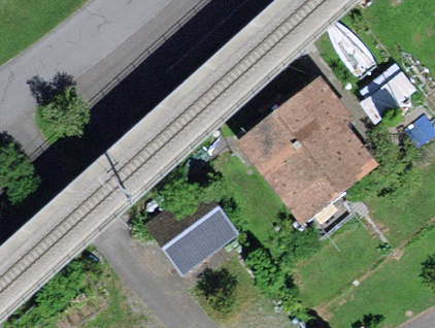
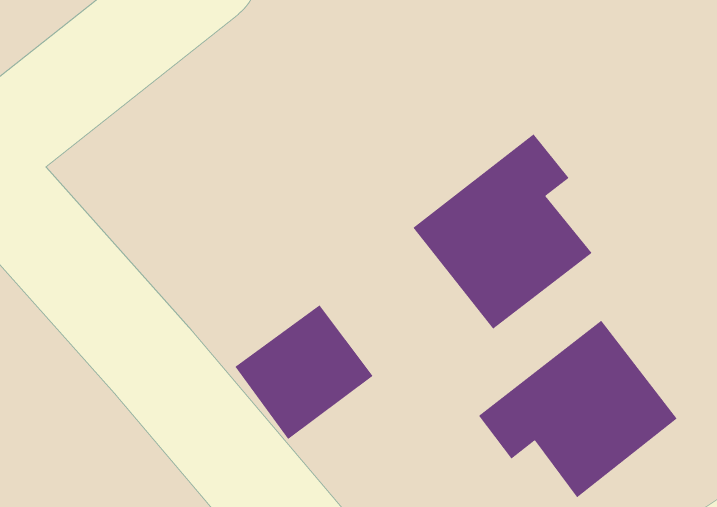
building: none -> [478,320,677,498]

